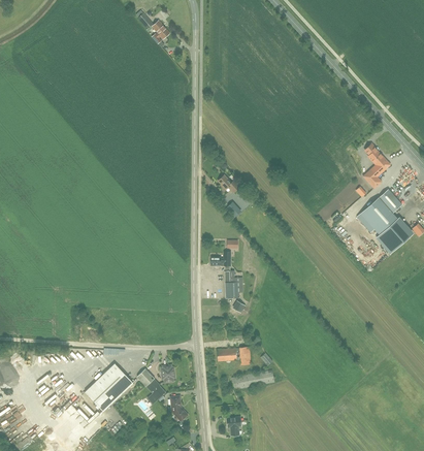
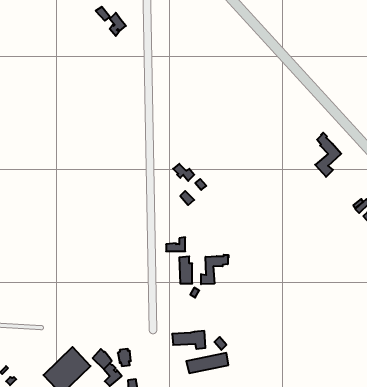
building: [360,180,411,250] -> none
building: none -> [201,255,228,284]

